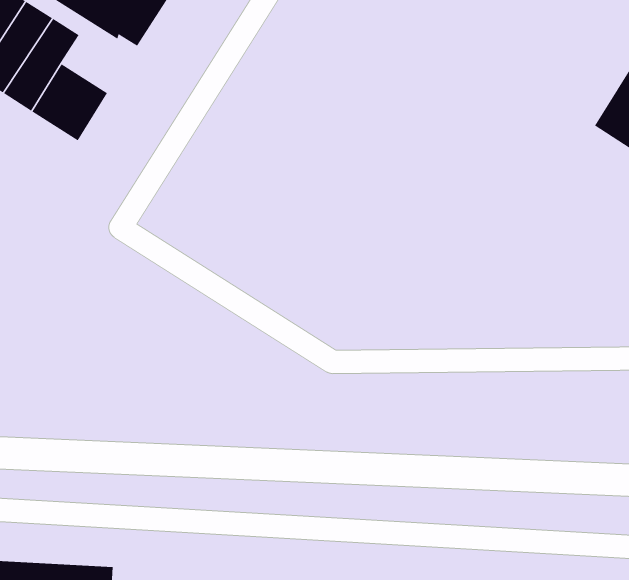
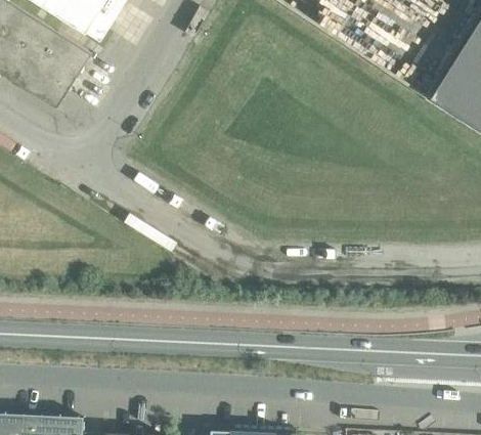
building: none -> [45,32,92,74]

